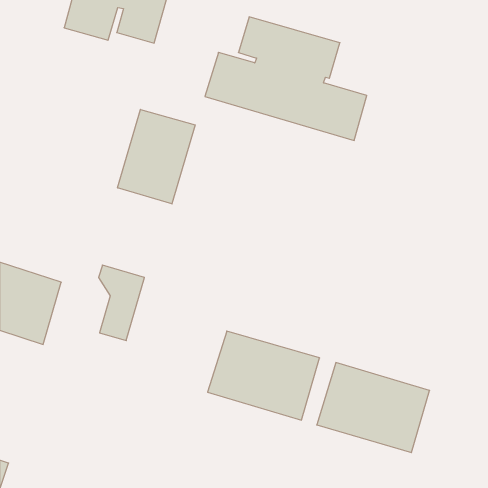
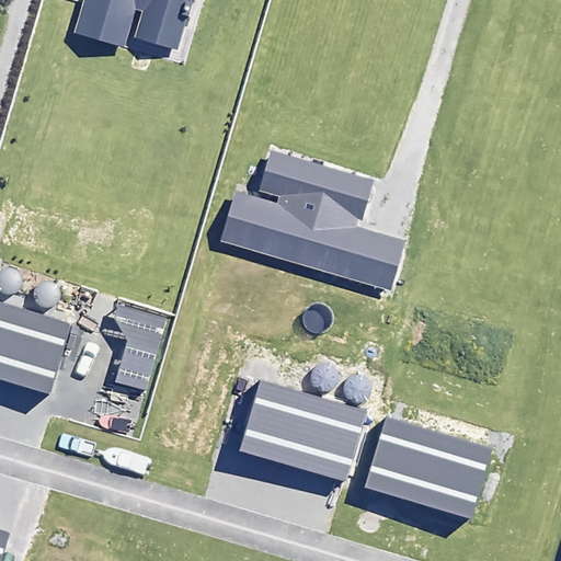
building: [205,17,367,140] -> [219,149,404,290]
building: [118,109,195,204] -> none

